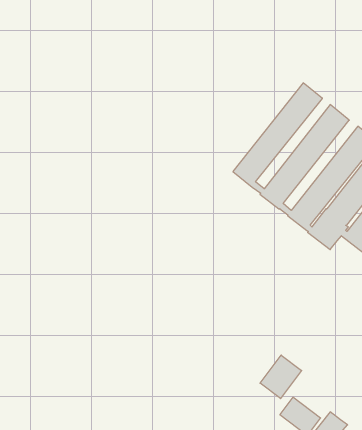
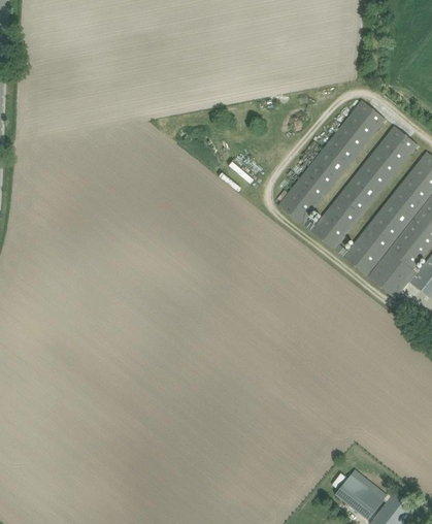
building: [260,355,302,399] -> none

